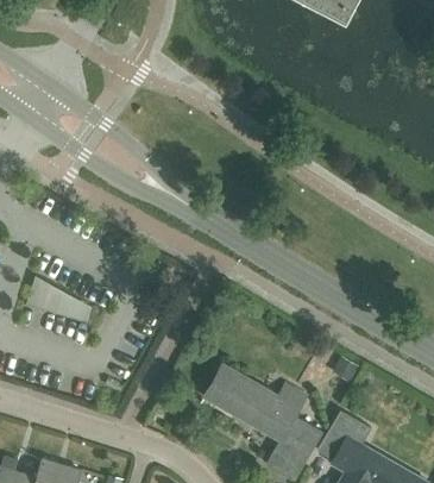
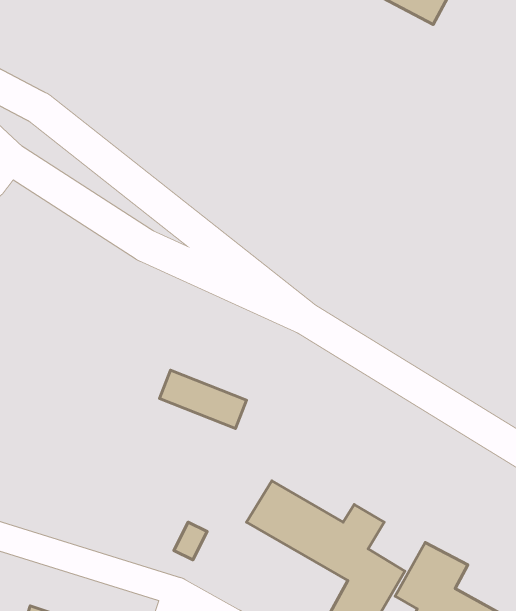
building: [32,282,98,326] -> [159,370,246,428]

